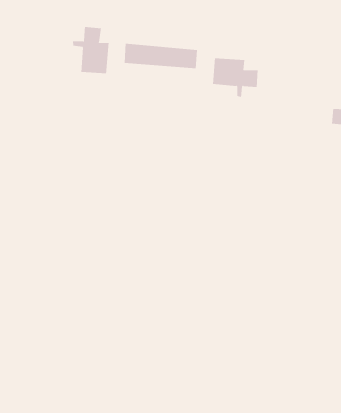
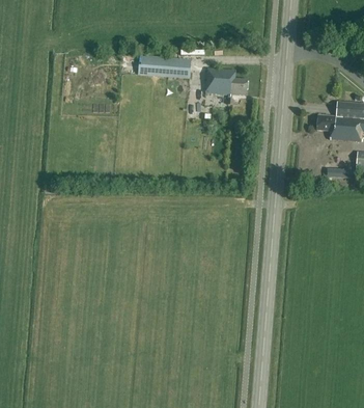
building: [73,26,109,74] -> none

